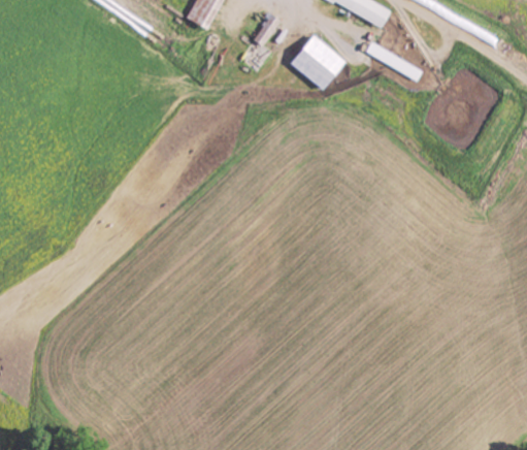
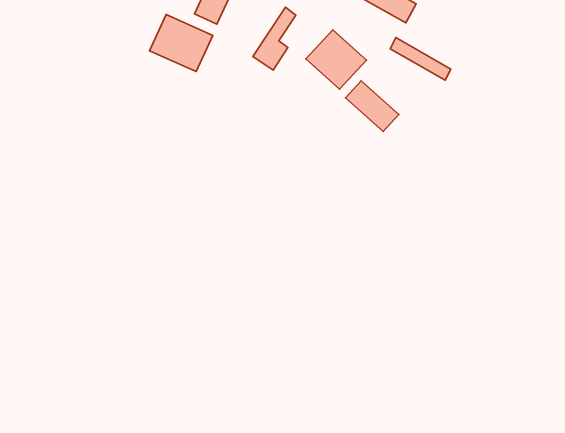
building: none -> [150,14,213,72]
building: none -> [346,81,399,131]

